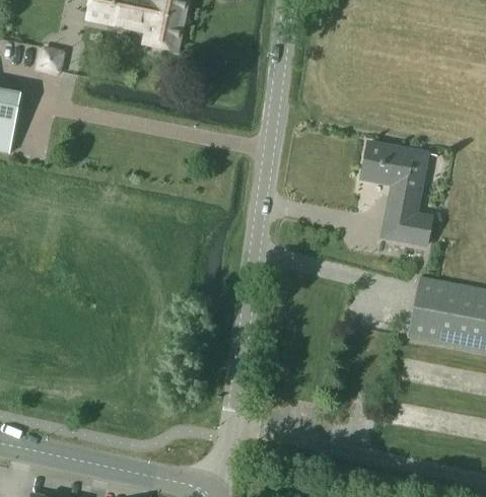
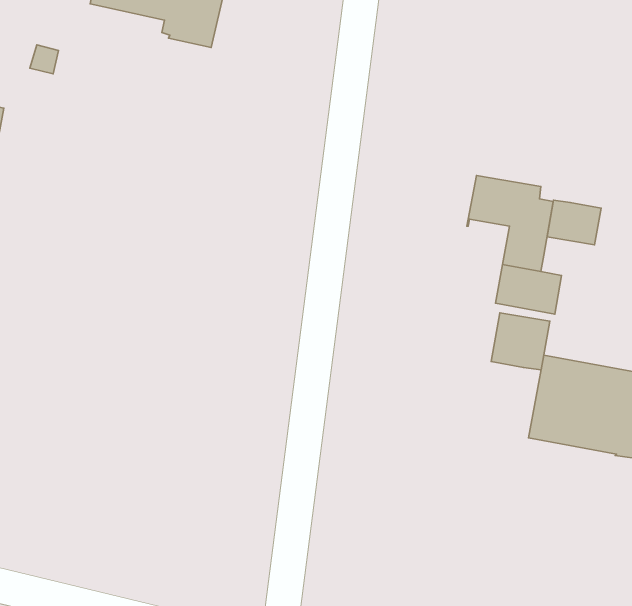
building: none -> [547,200,601,245]
building: none -> [491,313,550,370]

